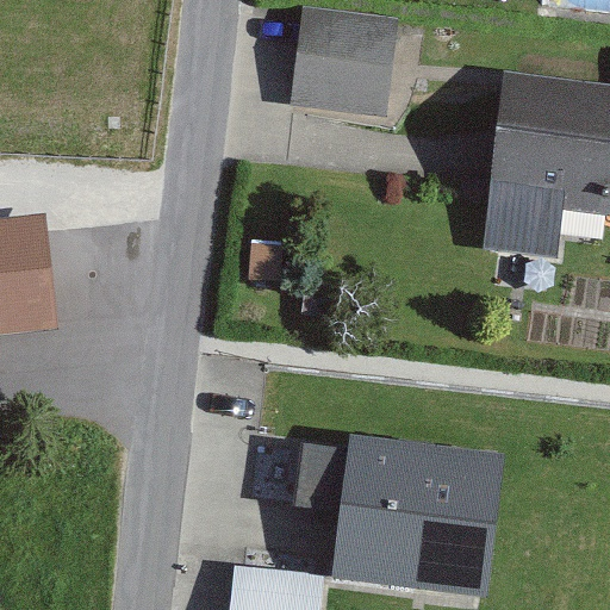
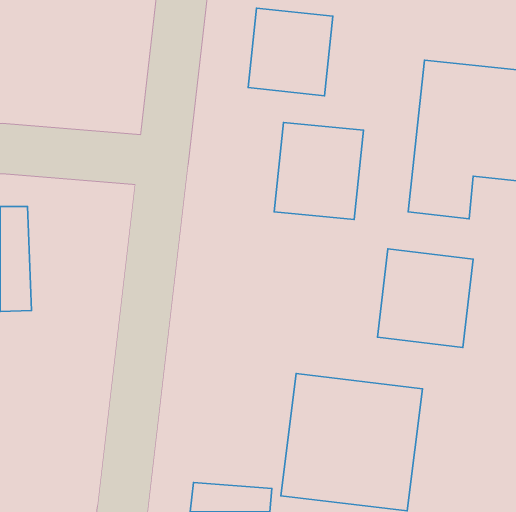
building: none -> [274,122,363,220]
building: none -> [377,249,473,347]

